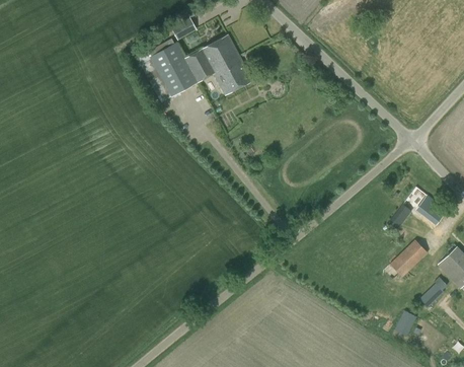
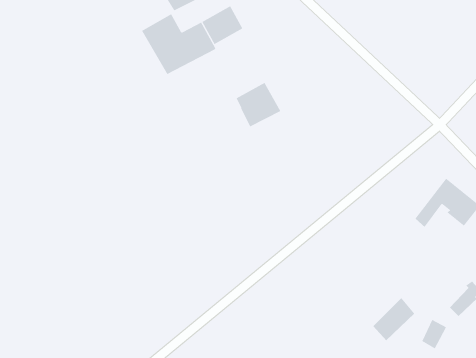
building: [213,55,252,94] -> [236,82,281,127]
building: [389,238,427,277] -> [372,297,415,341]

